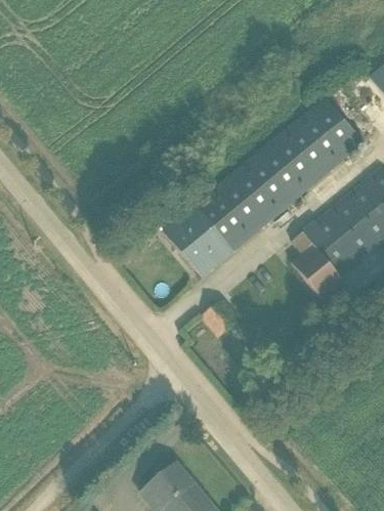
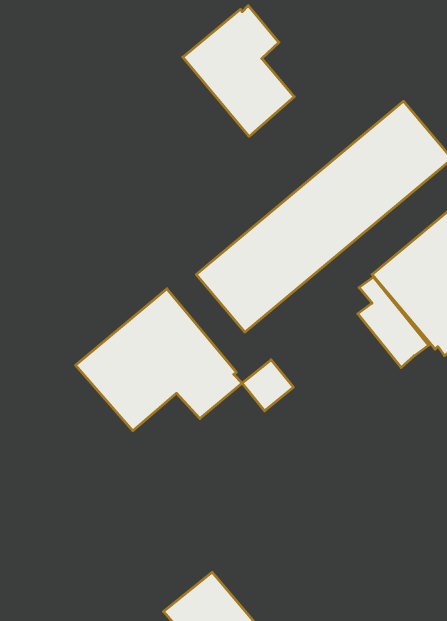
building: none -> [183,6,294,136]
building: none -> [76,289,242,431]

